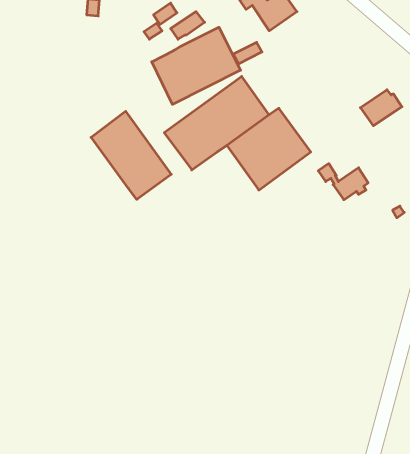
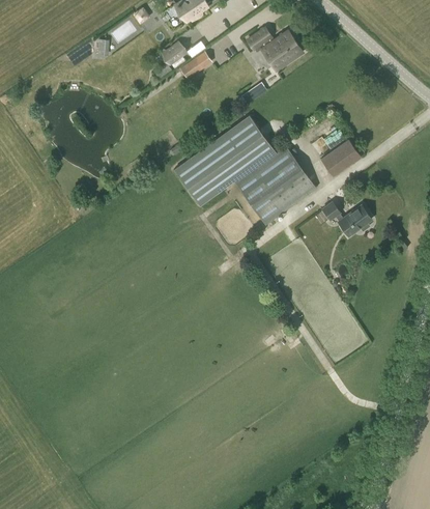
building: [152,27,241,104] -> none
building: [360,90,402,126] -> [321,139,362,174]
building: [91,111,171,199] -> none

